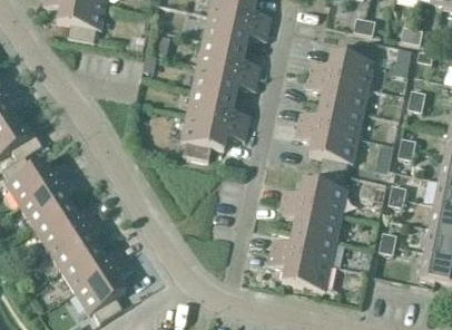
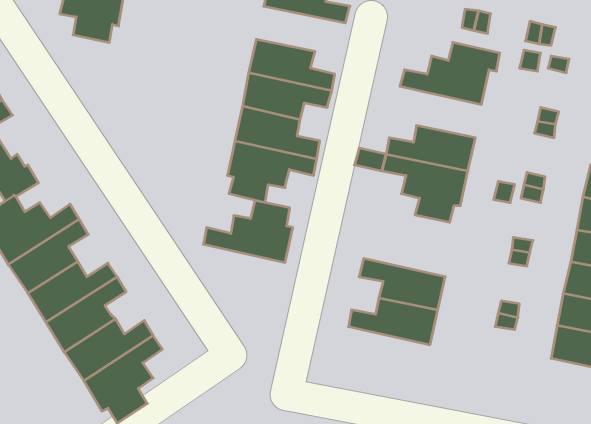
building: [203,17,268,50] -> none
building: [306,76,369,114] -> none
building: [282,171,347,216] -> [203,200,293,262]
building: [268,253,331,292] -> none

